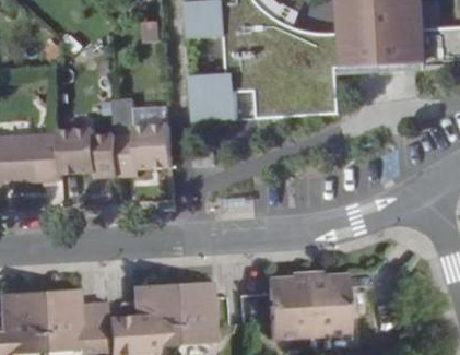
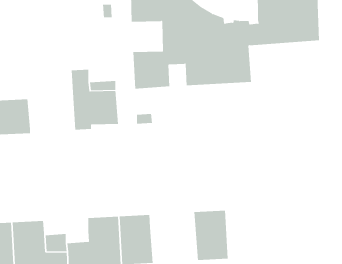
building: [57,128,115,175] -> none
building: [305,272,347,335] -> none

